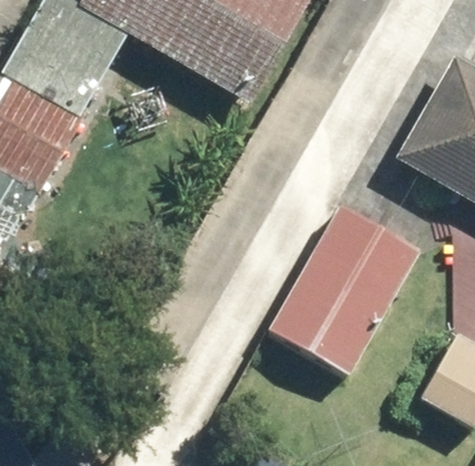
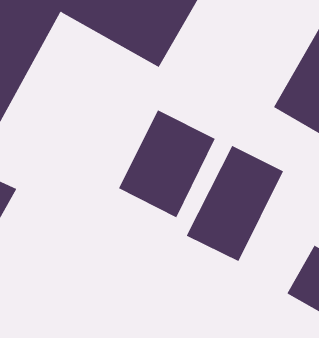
building: none -> [118,110,215,218]

